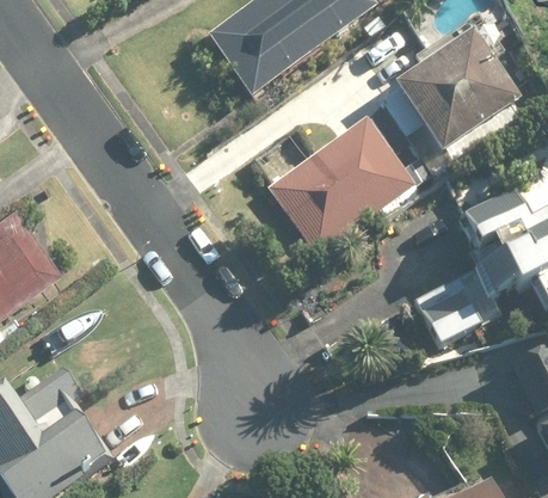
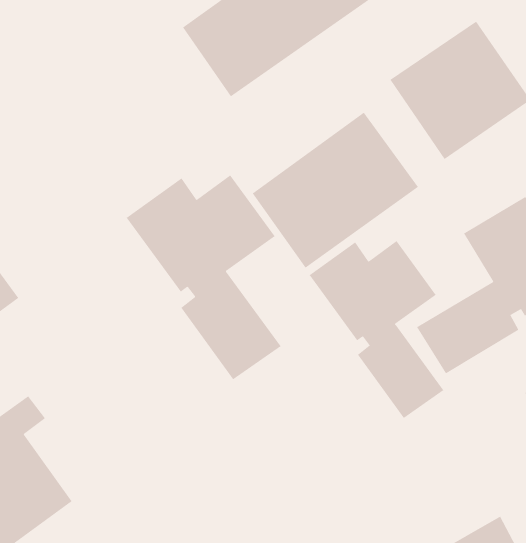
building: none -> [126,175,282,380]
building: none -> [309,240,444,419]

